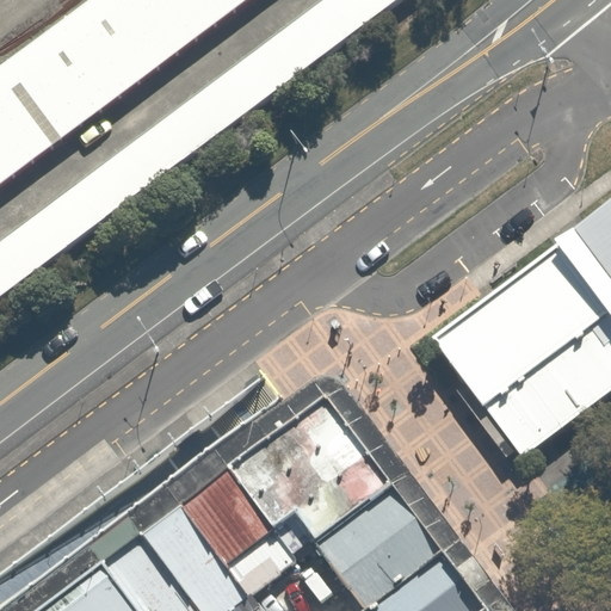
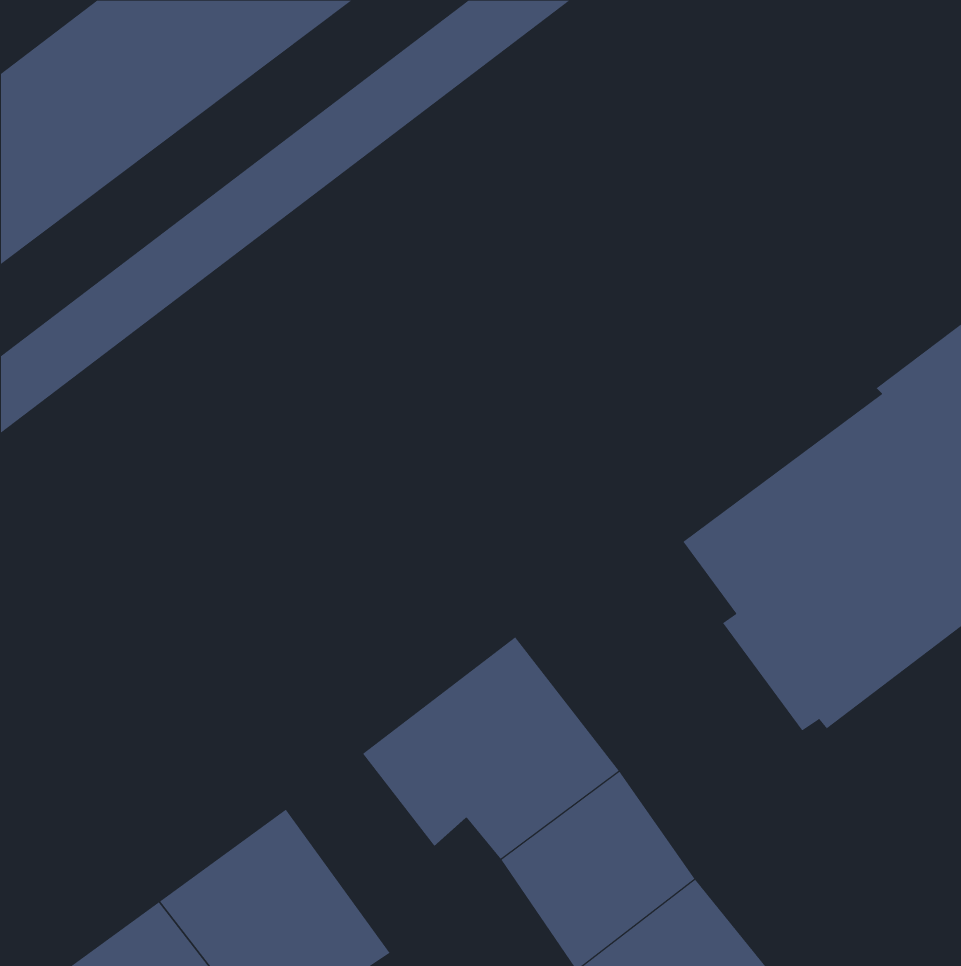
building: [185,476,301,601] -> none

